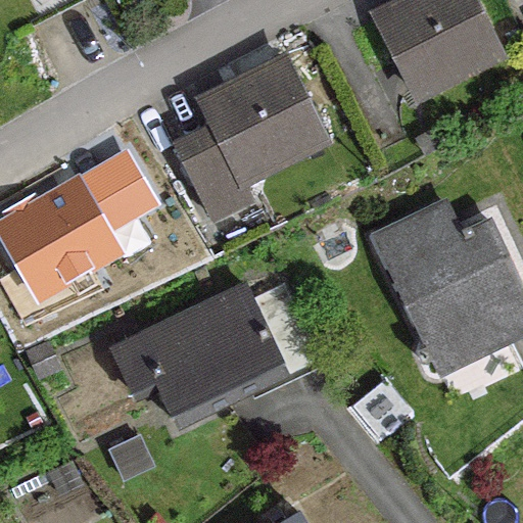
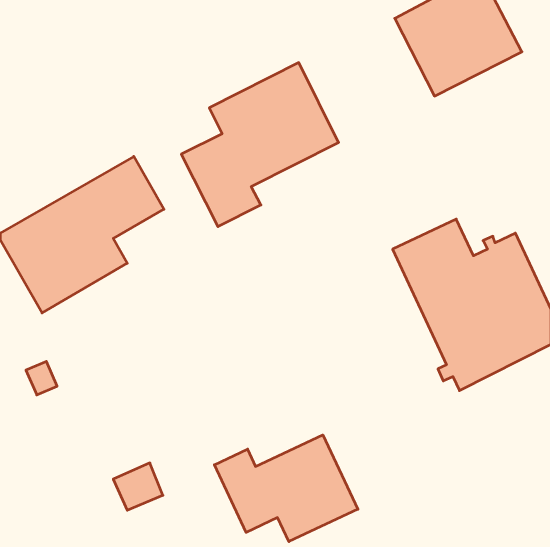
building: [111,283,318,420] -> none
building: none -> [214,435,358,542]

